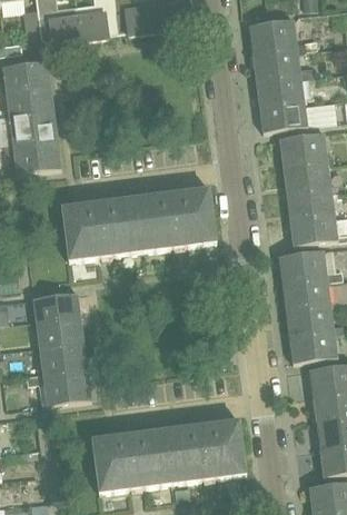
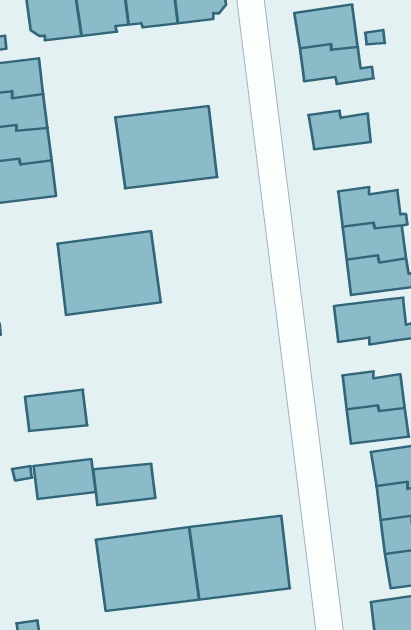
building: [256,73,306,106] -> none
building: [278,130,334,166] -> none
building: [136,186,216,250] -> [115,106,217,188]
building: [282,278,331,310] -> none
building: [33,291,82,325] -> none
building: [40,347,89,379] -> [93,464,155,505]

